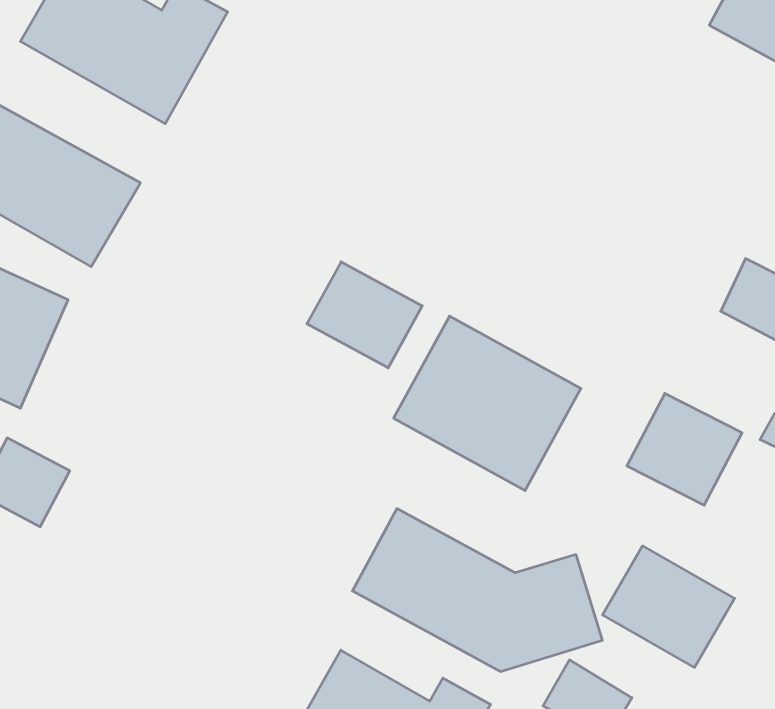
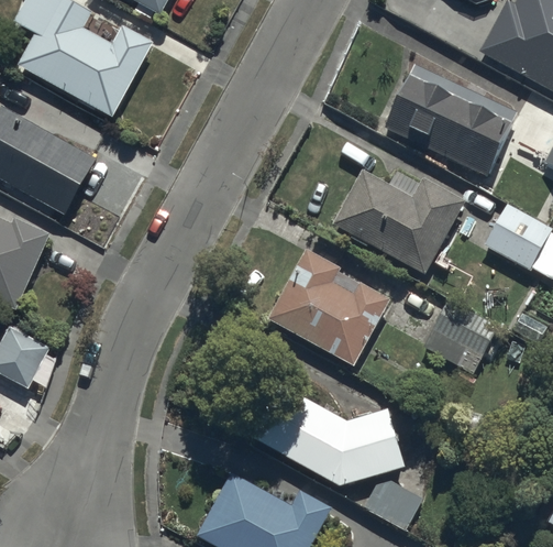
building: none -> [385,64,517,175]
building: none -> [330,168,464,274]
building: [307,262,422,368] -> none
building: [603,546,735,667] -> none

